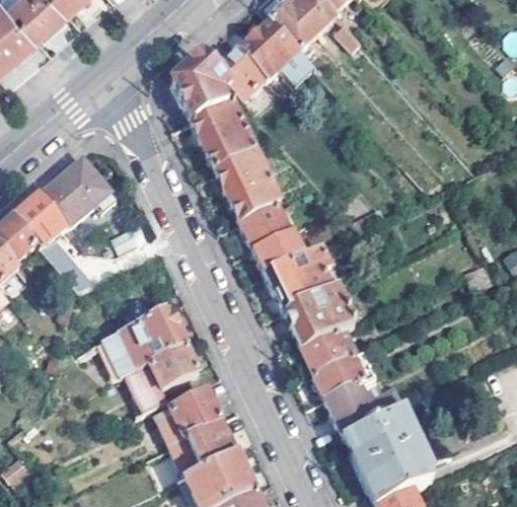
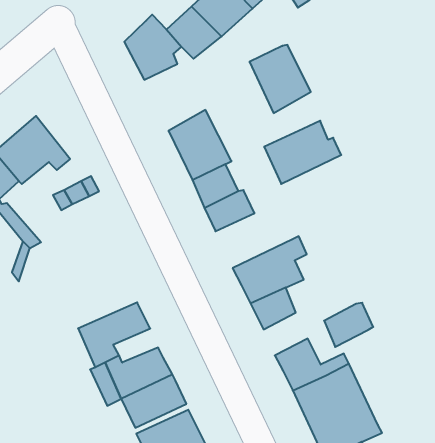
building: [193,101,254,170] -> [249,45,311,113]
building: [265,245,343,309] -> [264,121,341,184]
building: [102,305,186,372] -> none
building: [313,353,363,397] -> [324,303,373,347]

